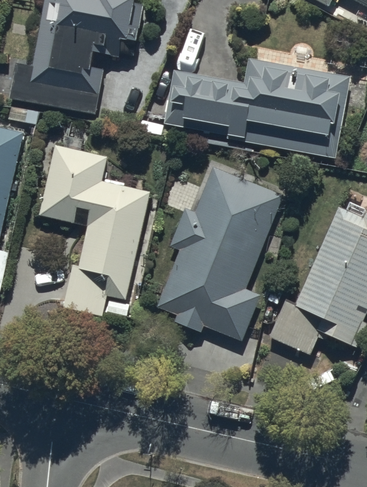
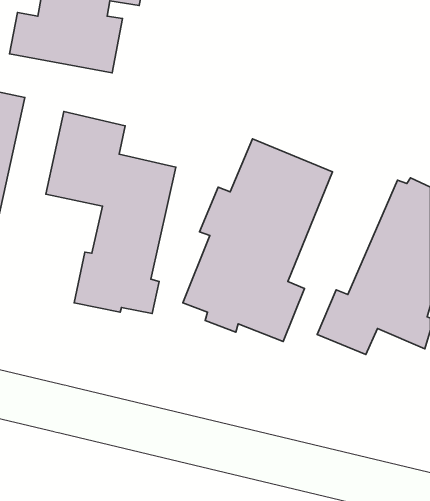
building: [165,58,350,157] -> none

